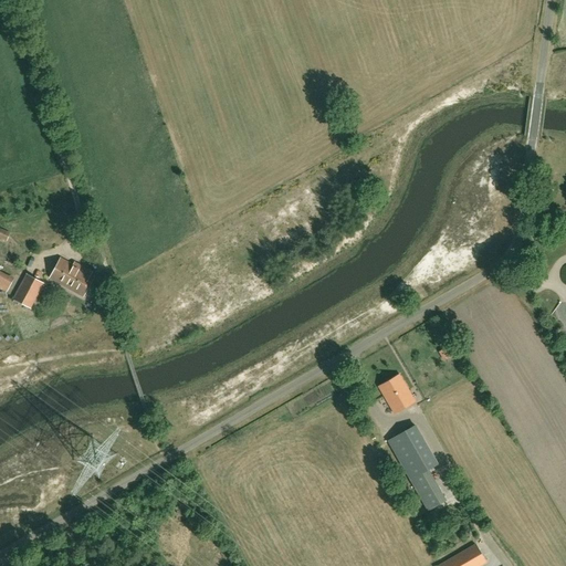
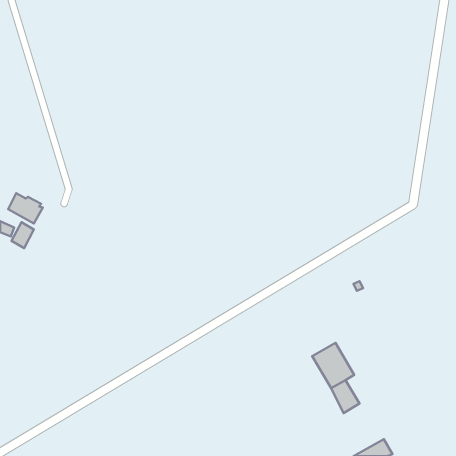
building: [51,259,94,296] -> [8,193,43,224]
building: [379,375,416,413] -> none

